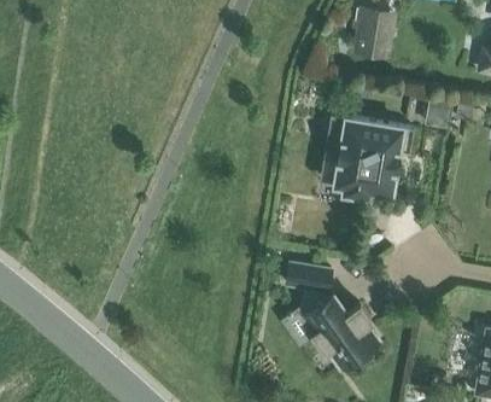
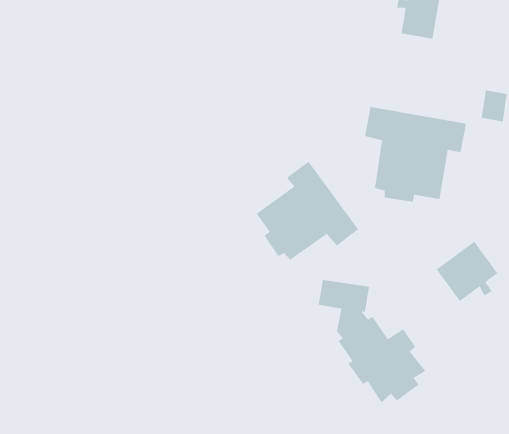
building: none -> [256,161,359,261]
building: none -> [436,241,498,302]

